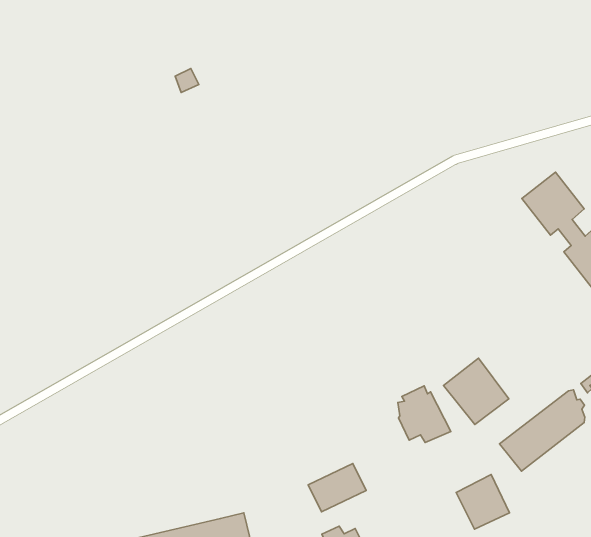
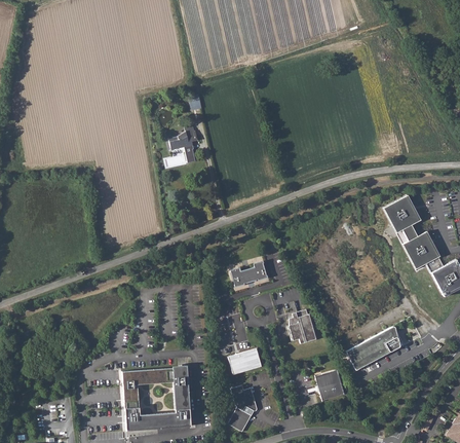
building: none -> [169,131,196,162]
building: none -> [230,260,268,287]
building: [444,358,509,424] -> none

